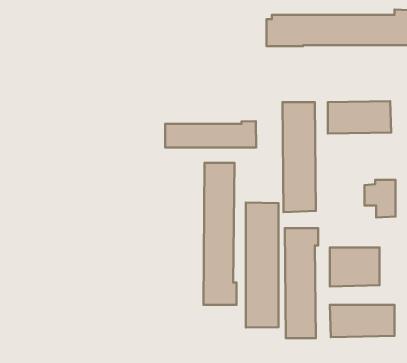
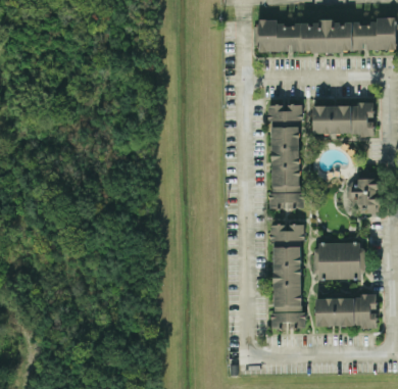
building: [165,121,256,147] -> none
building: [204,163,236,305] -> none
building: [246,202,279,327] -> none

